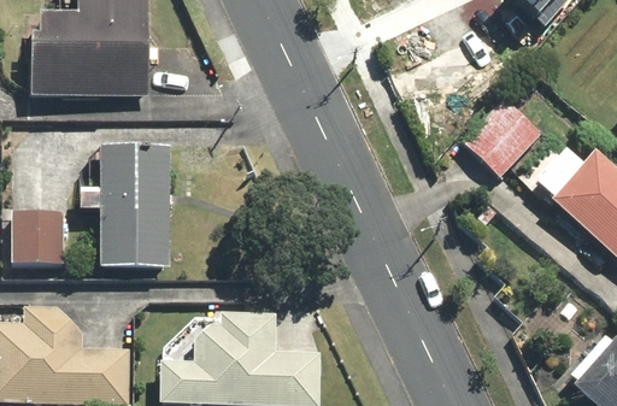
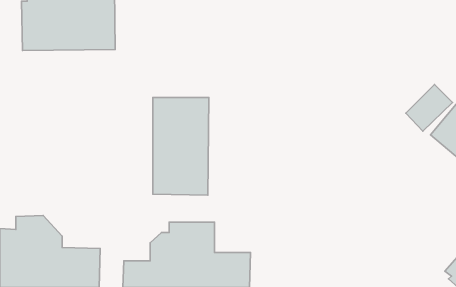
building: [465,98,543,176] -> none
building: [100,146,171,270] -> [153,98,209,195]
building: [11,211,65,264] -> none

